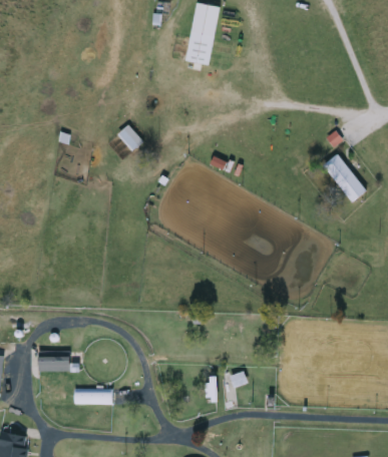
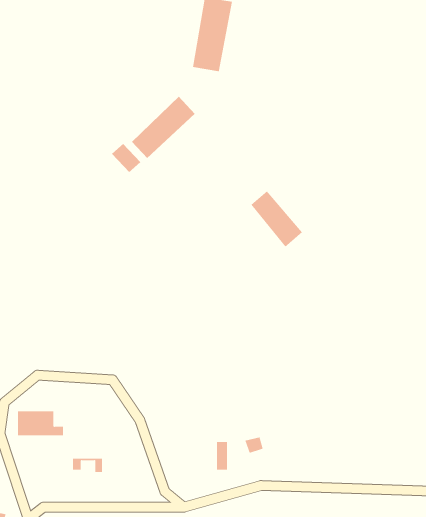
building: none -> [131,96,196,159]
building: [322,154,366,202] -> [251,191,303,248]

